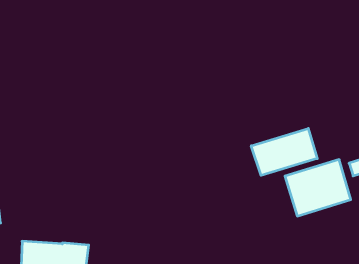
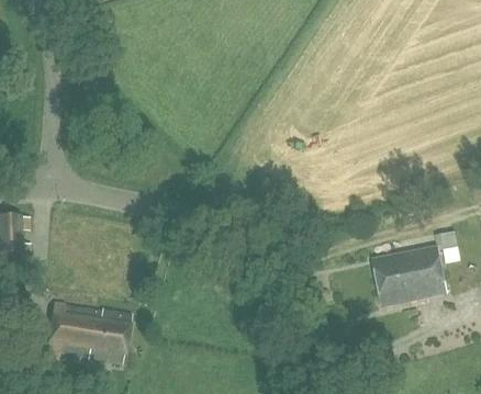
building: [251,128,317,175] -> none

